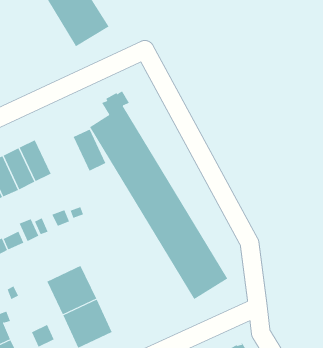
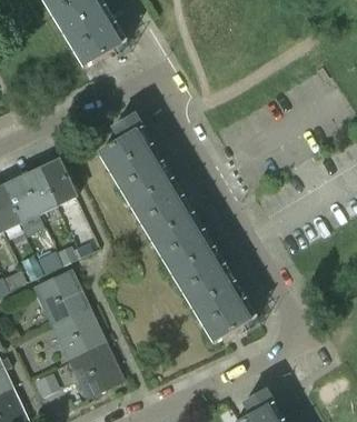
building: [73,129,106,171] -> [39,159,76,205]
building: none -> [34,270,89,323]

